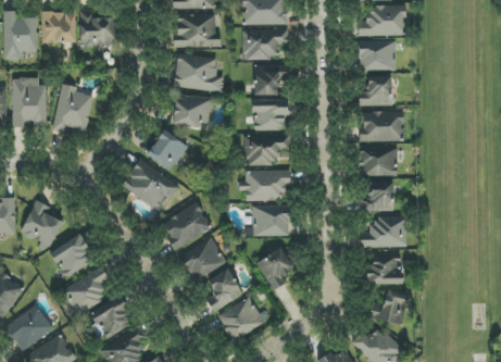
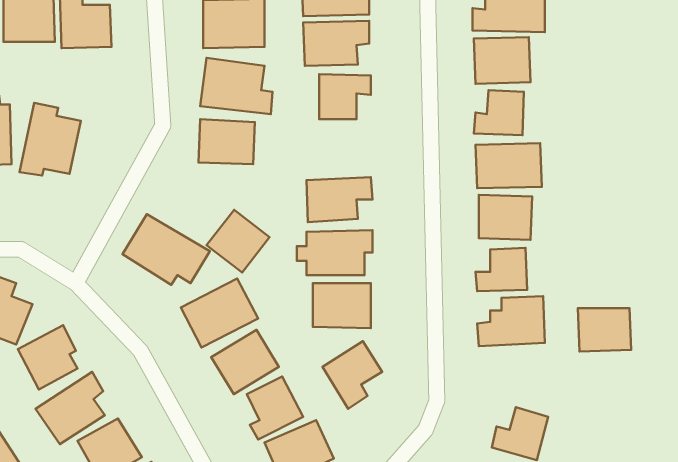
building: [251,99,287,130] -> none
building: [145,128,187,171] -> [207,210,270,273]
building: [366,254,402,284] -> [578,308,631,352]

